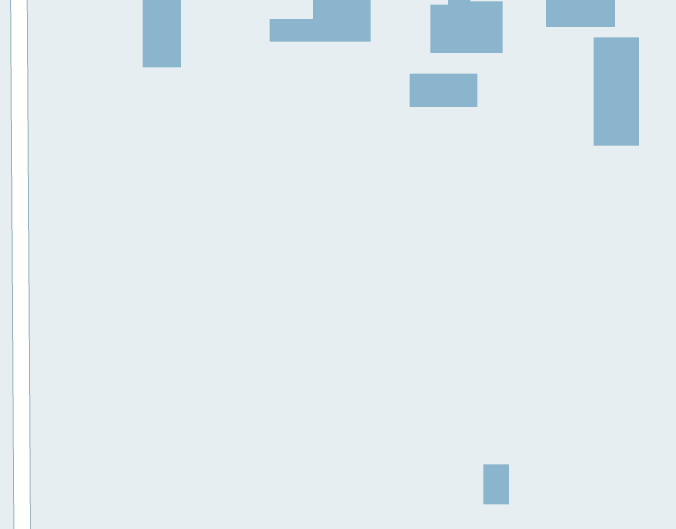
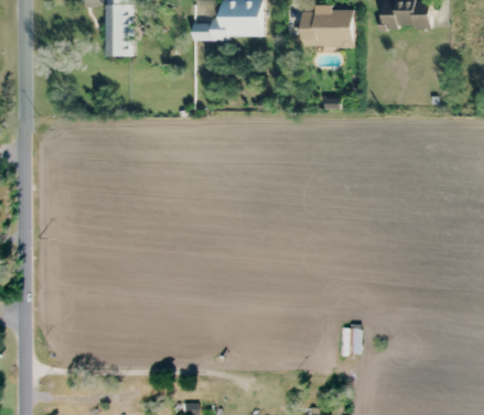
building: [593,36,640,147] -> none
building: [409,73,478,108] -> none

